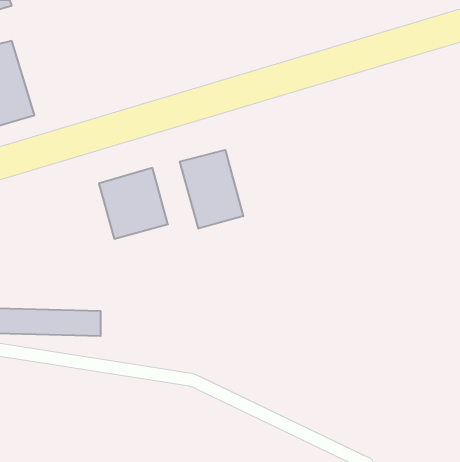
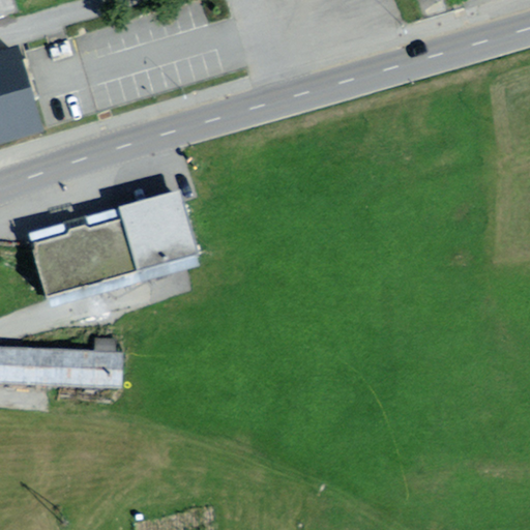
building: [180,150,243,229] -> none
building: none -> [31,211,130,297]

